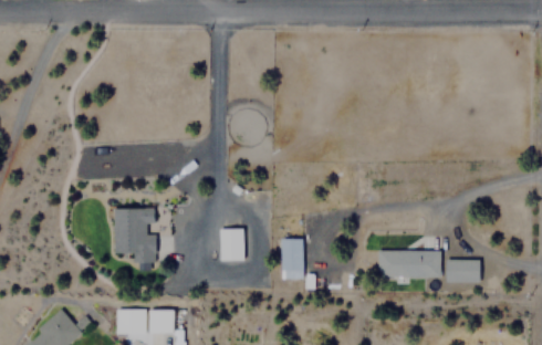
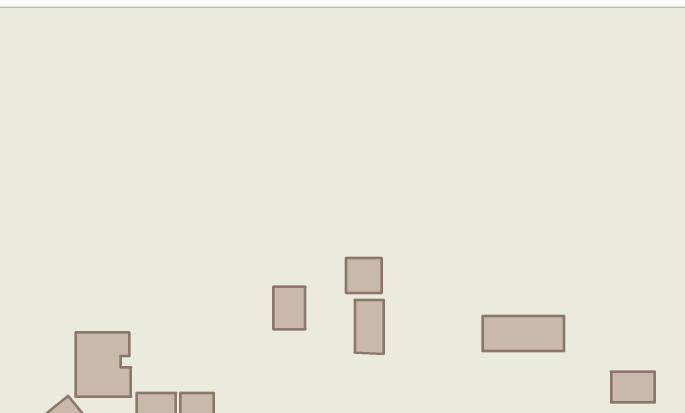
building: none -> [346,258,381,293]
building: [115,208,157,257] -> [76,333,131,397]
building: [447,259,480,282] -> [611,372,655,402]

